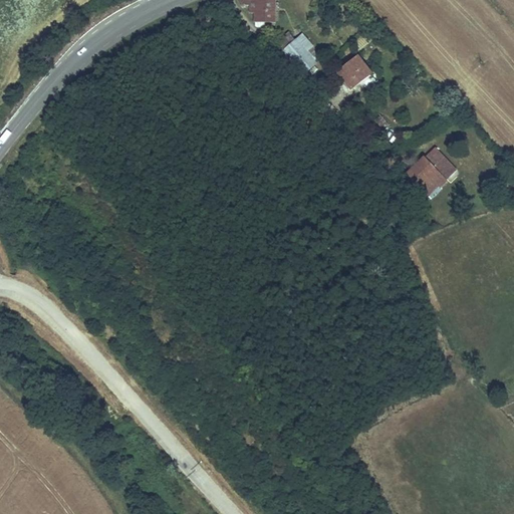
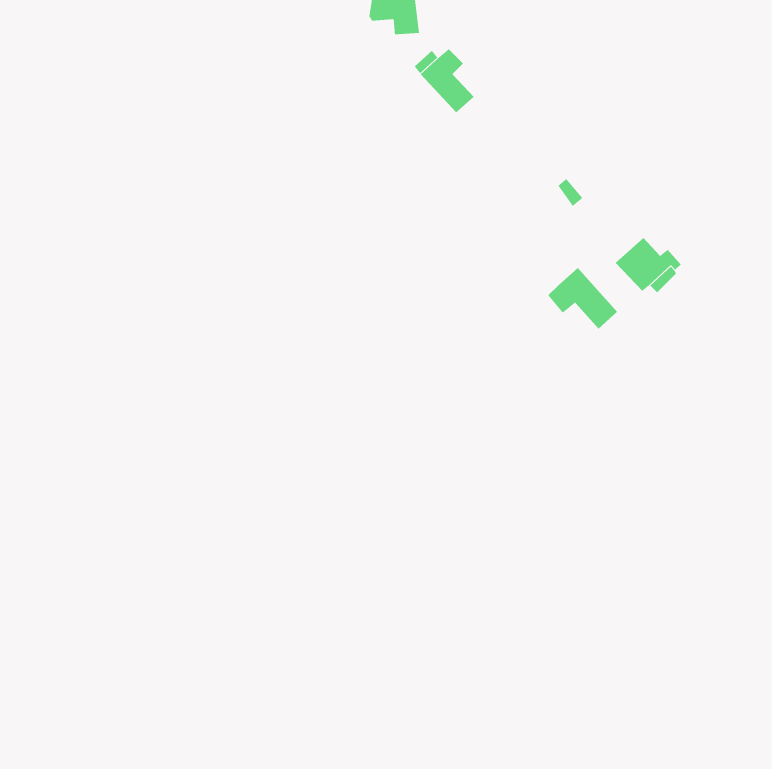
building: [337,50,372,82] -> none
building: none -> [548,267,618,329]

